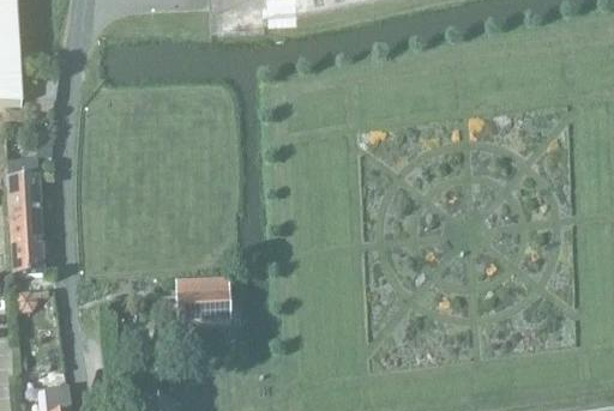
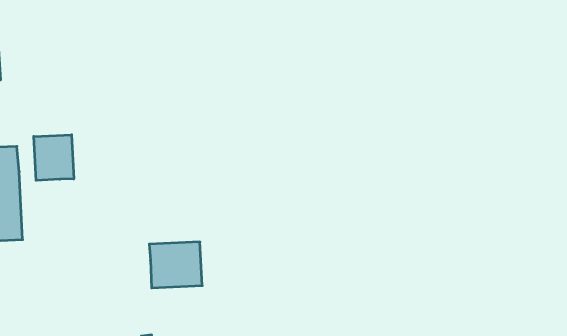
building: none -> [34,135,74,180]

